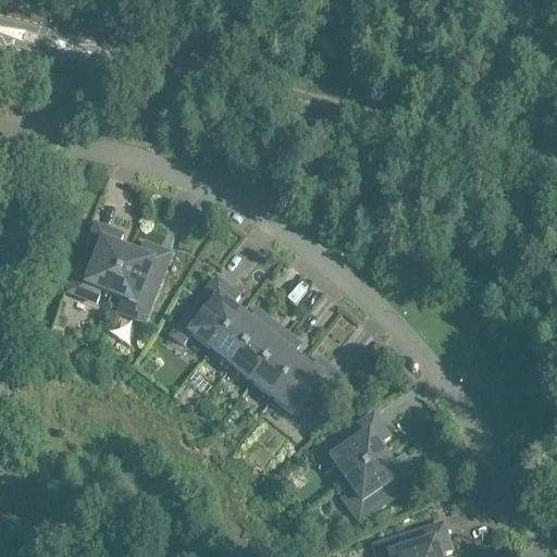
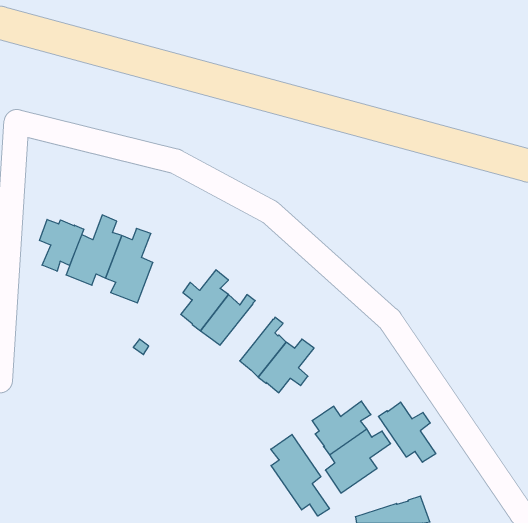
building: none -> [39,219,84,271]
building: [232,320,287,380] -> none
building: none -> [378,402,436,462]
building: none -> [271,434,329,516]

